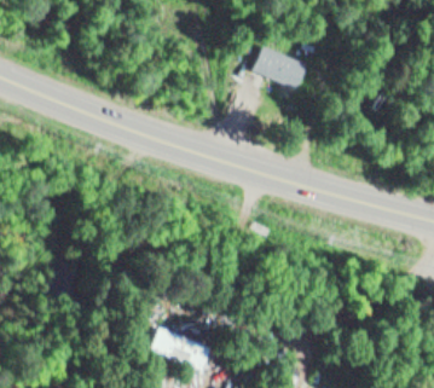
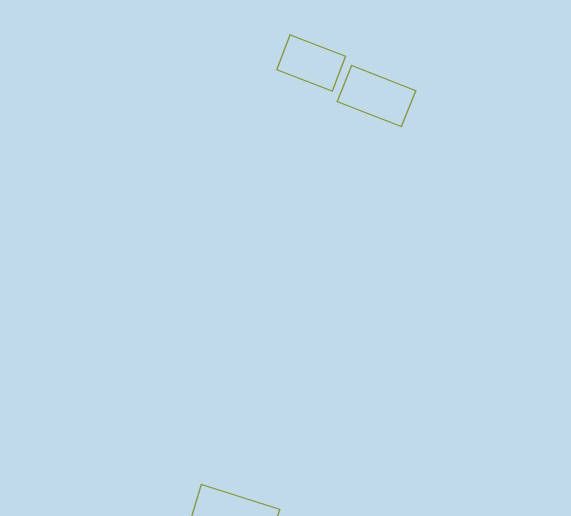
building: none -> [277,35,346,91]

